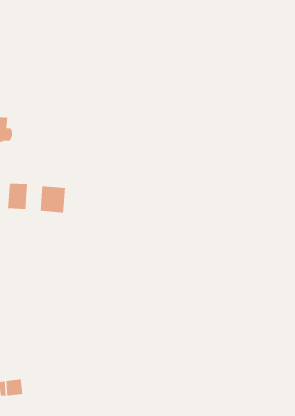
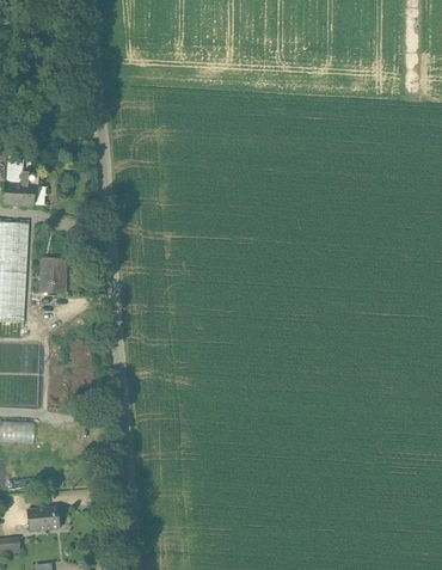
building: [40,185,66,213] -> none

